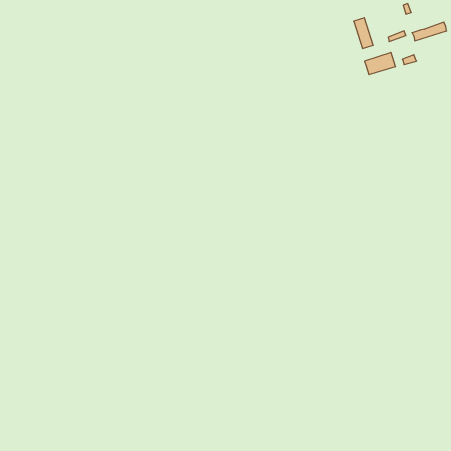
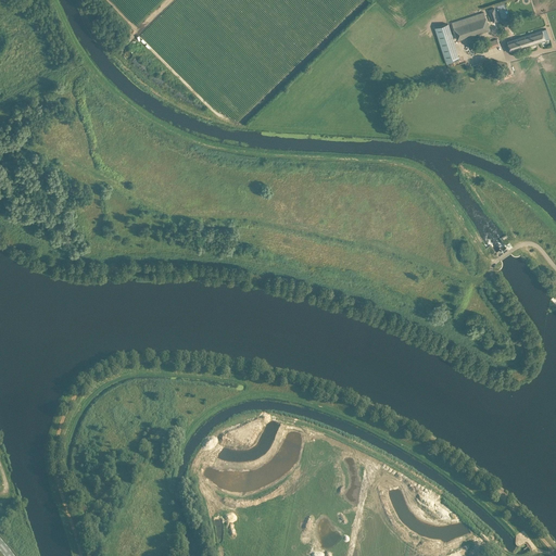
building: [365,52,396,75] -> [451,11,489,38]

